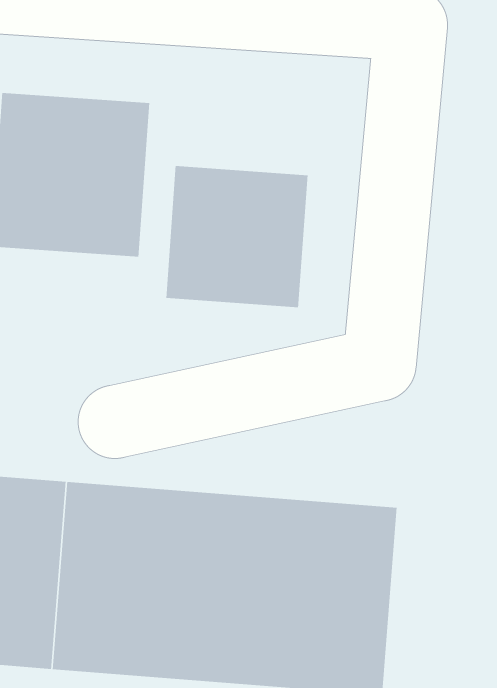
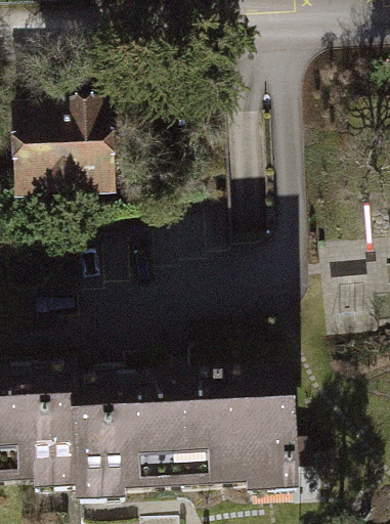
building: [165,165,308,308] -> none

